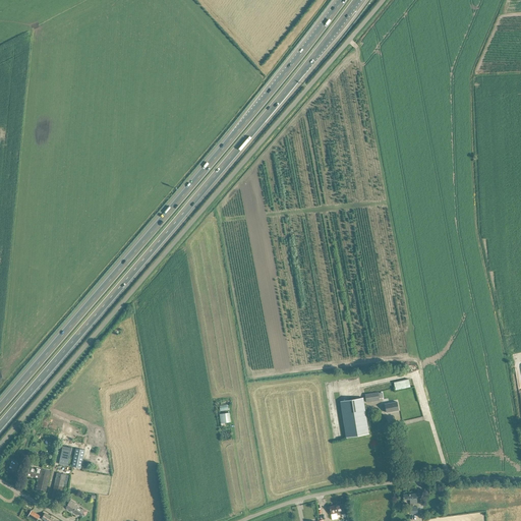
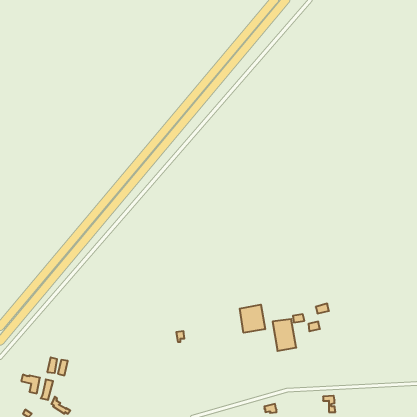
building: none -> [240,305,265,333]

